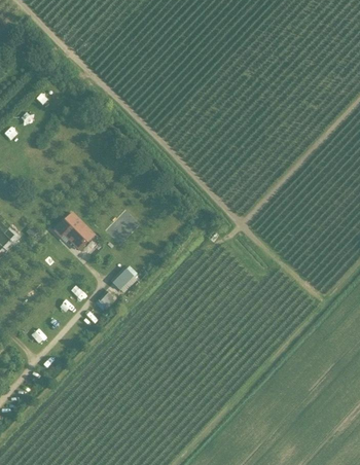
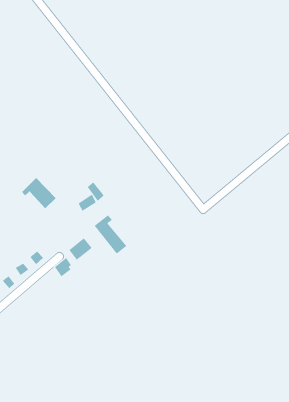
building: none -> [94,215,127,255]

